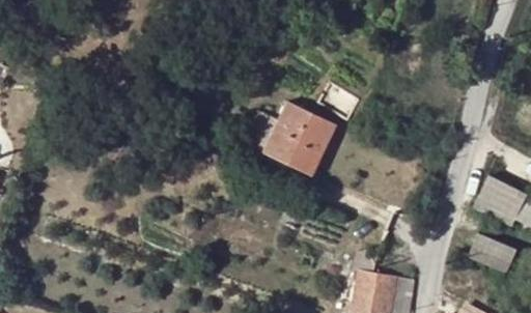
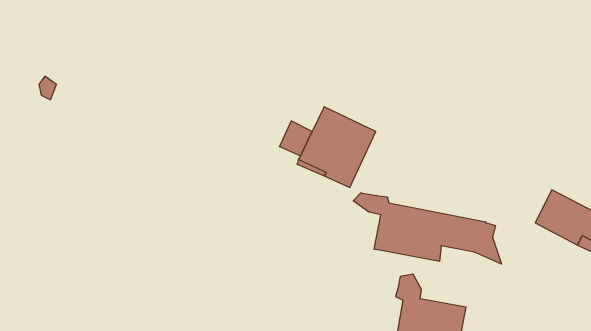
building: none -> [353,193,502,264]
building: [469,234,515,273] -> none

